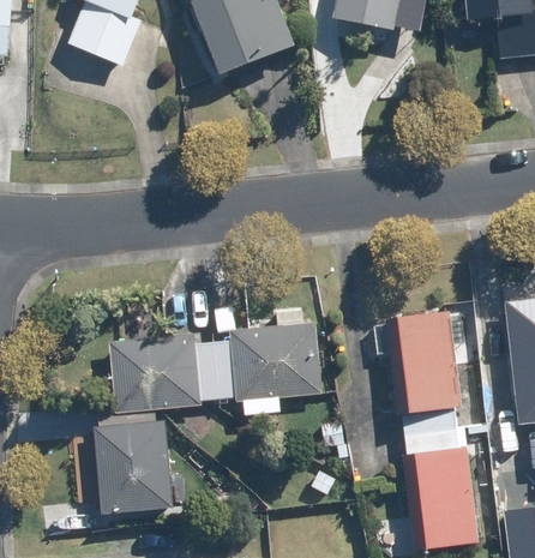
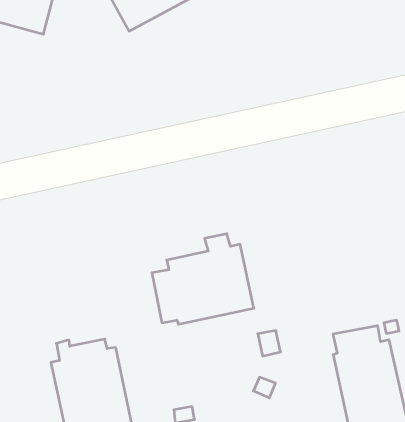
building: [373,311,465,432] -> none
building: [108,334,218,413] -> none

